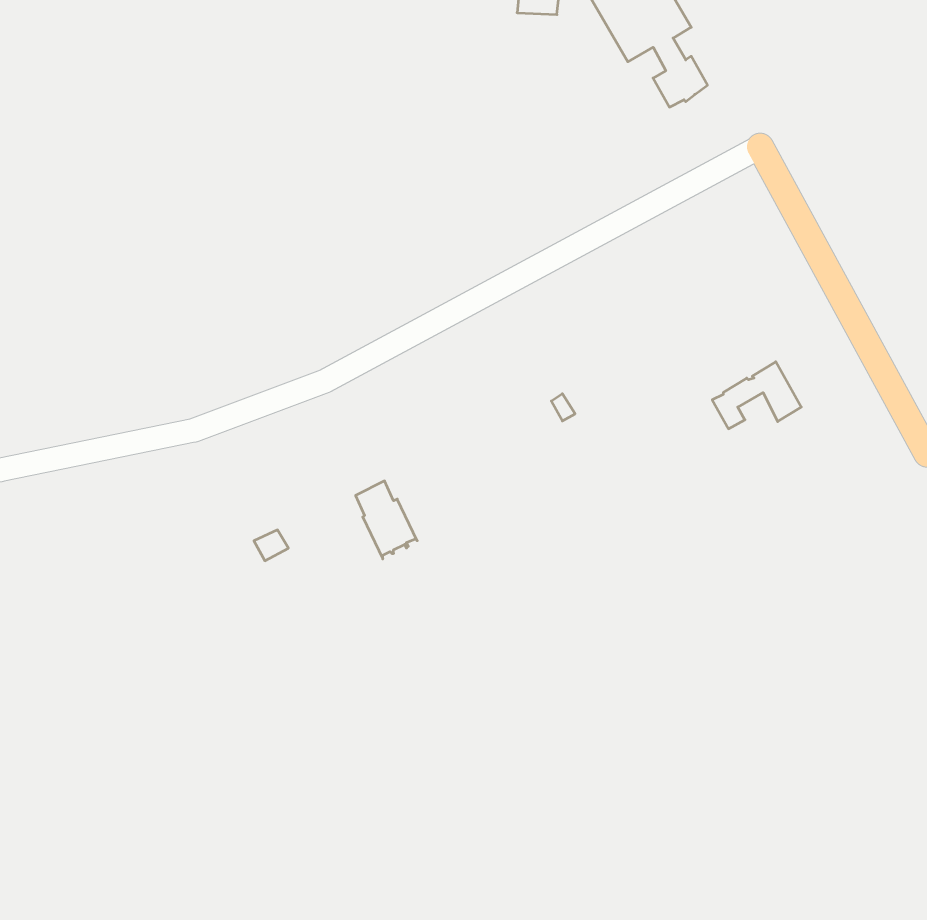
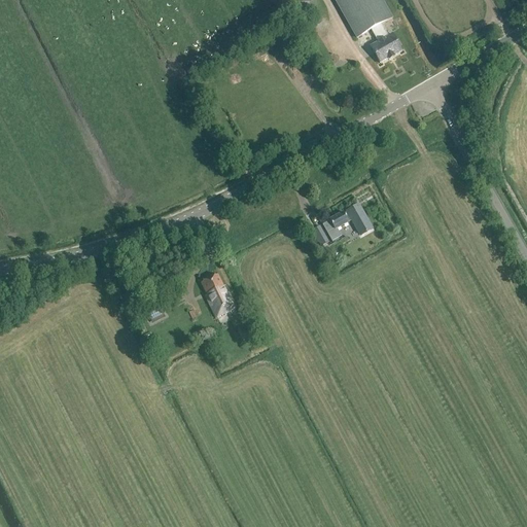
building: [712,362,801,429] -> [323,201,374,239]

